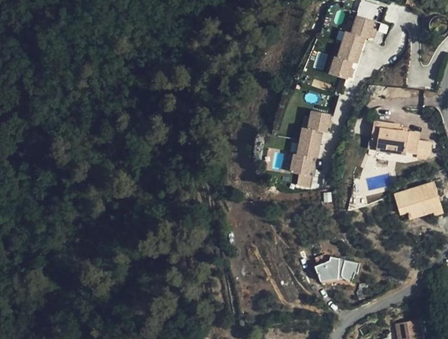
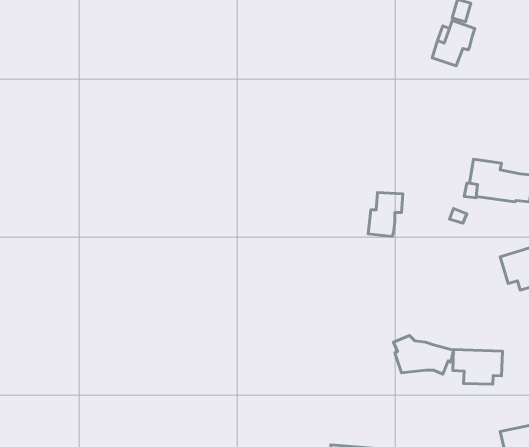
building: [328,45,360,80] -> none
building: [301,115,328,147] -> none
building: none -> [453,350,502,384]

